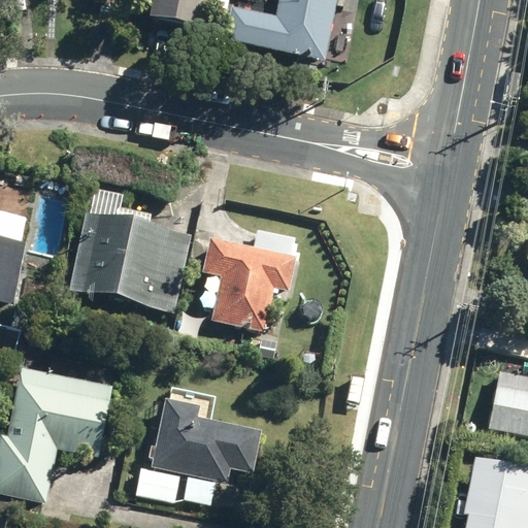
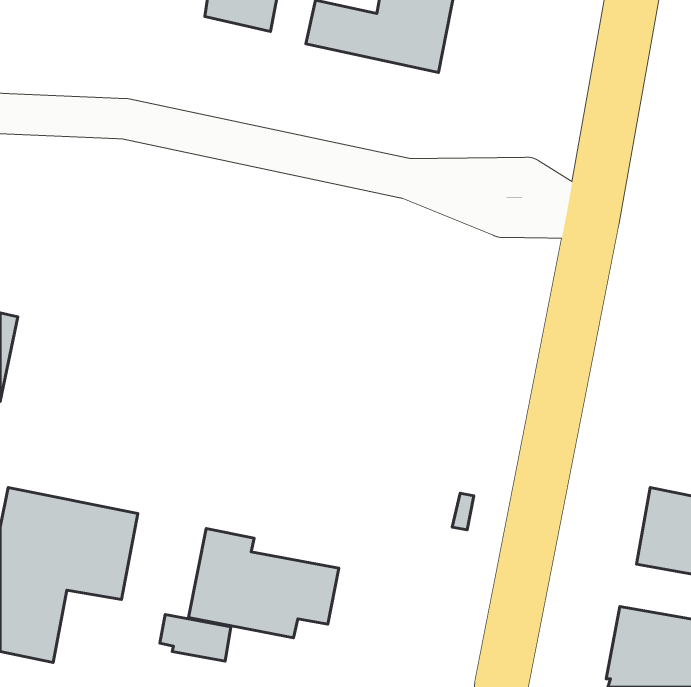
building: [71,214,190,311] -> none
building: [199,226,295,332] -> none

